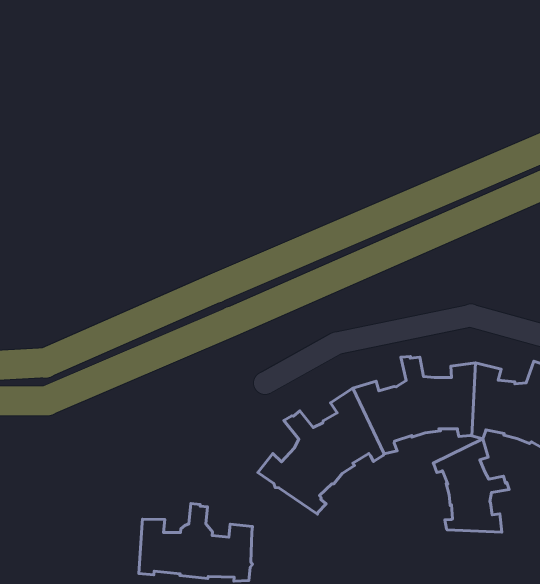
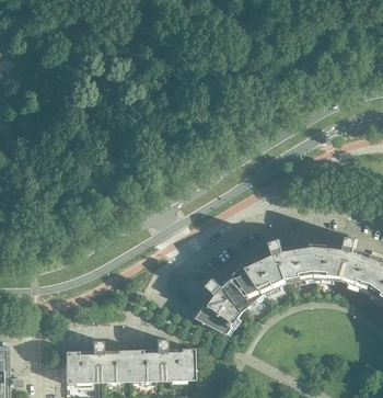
building: [433,439,509,532] -> none
building: none -> [59,339,126,383]

